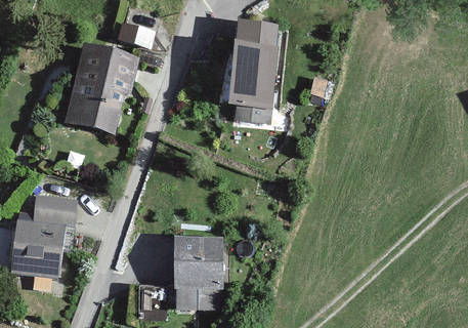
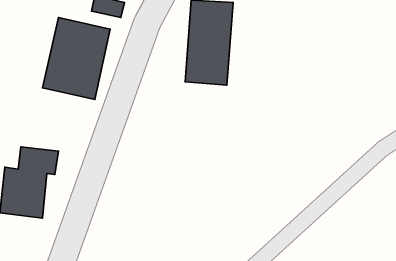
building: [169,239,226,304] -> none

